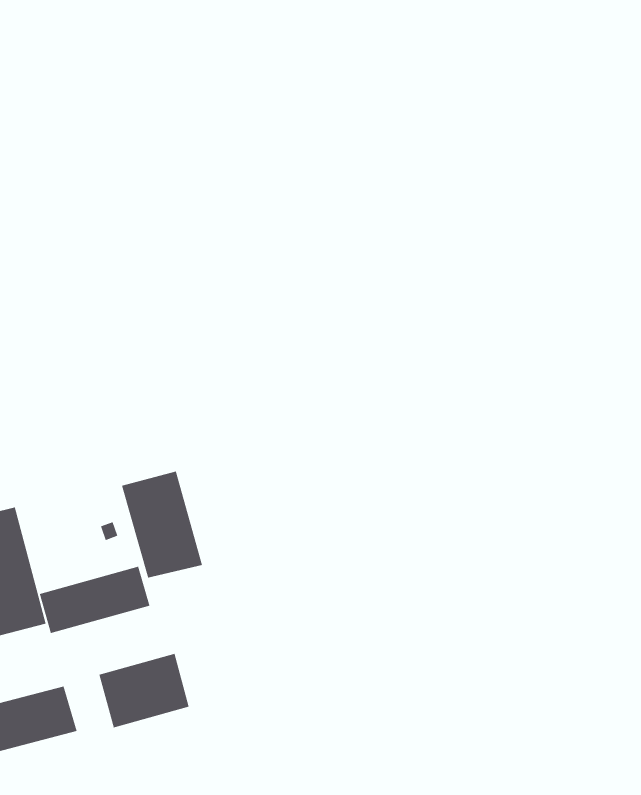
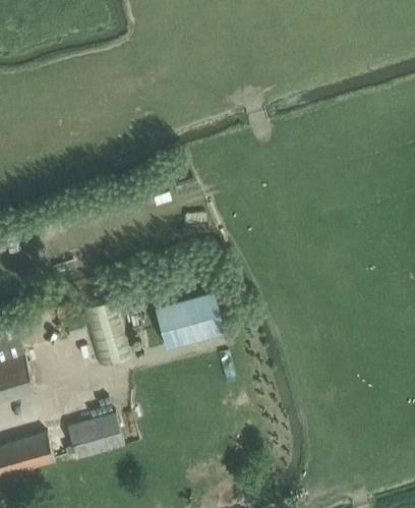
building: none -> [152,289,224,349]
building: [39,566,150,634] -> none

